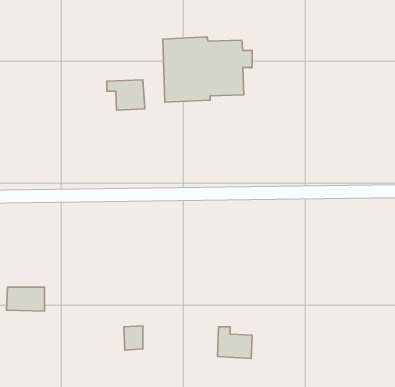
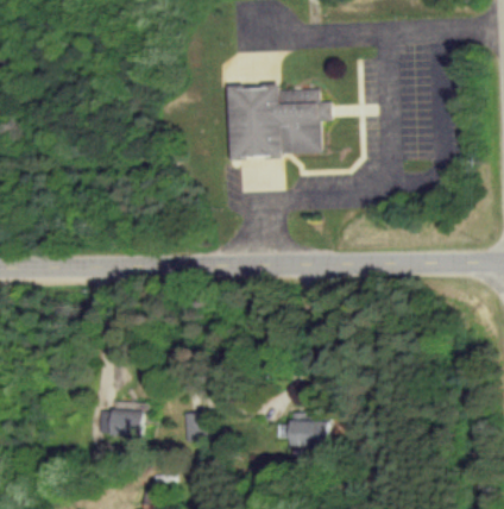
building: [107,80,145,110] -> none
building: [6,287,44,311] -> [99,408,141,435]

